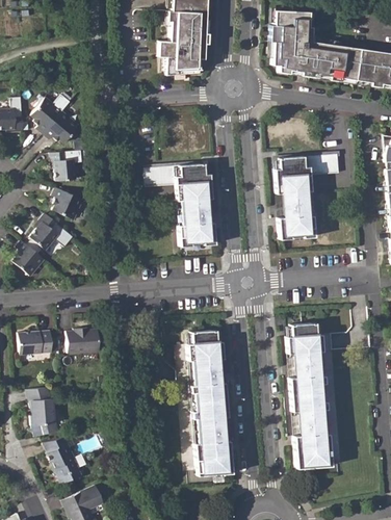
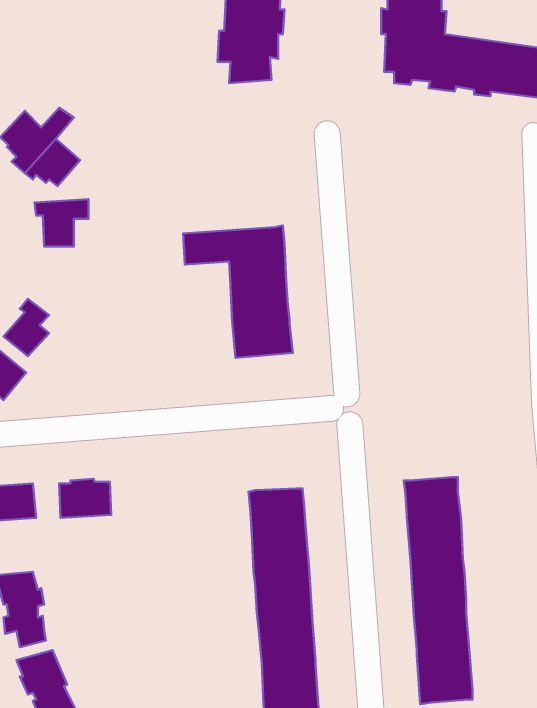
building: [275,157,340,242] -> none
building: [53,186,84,219] -> none

